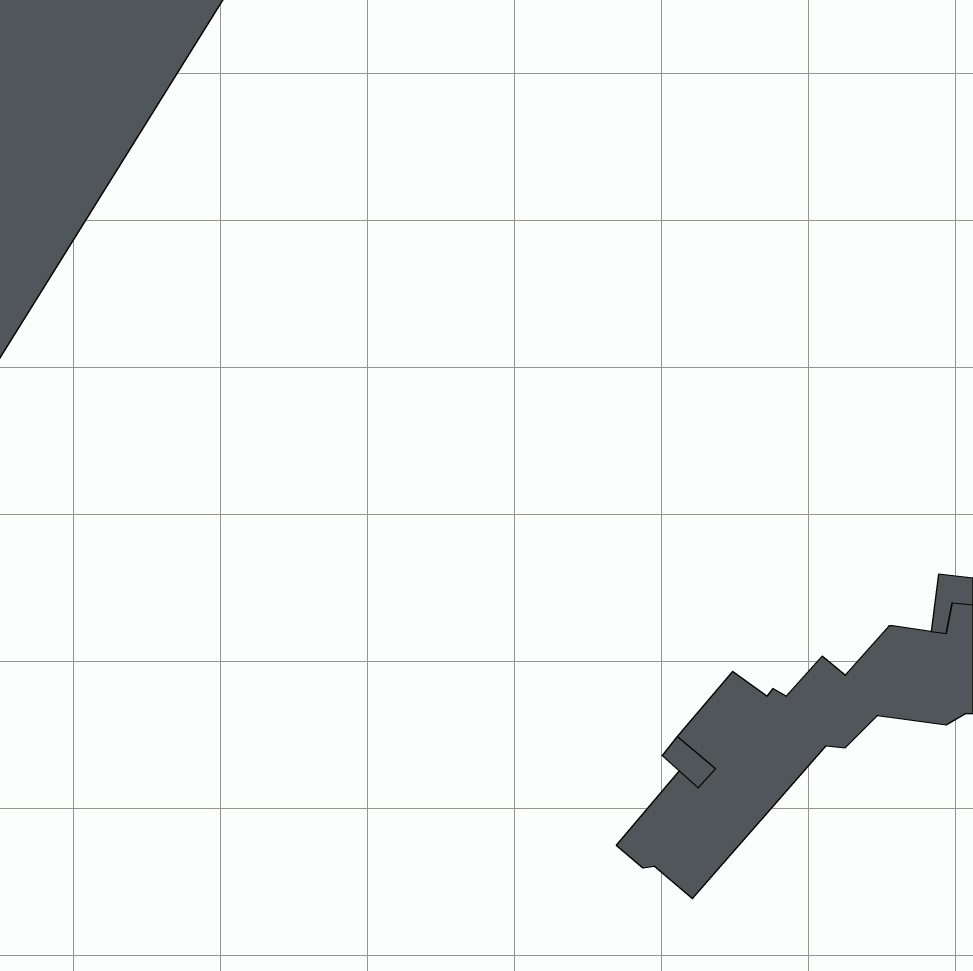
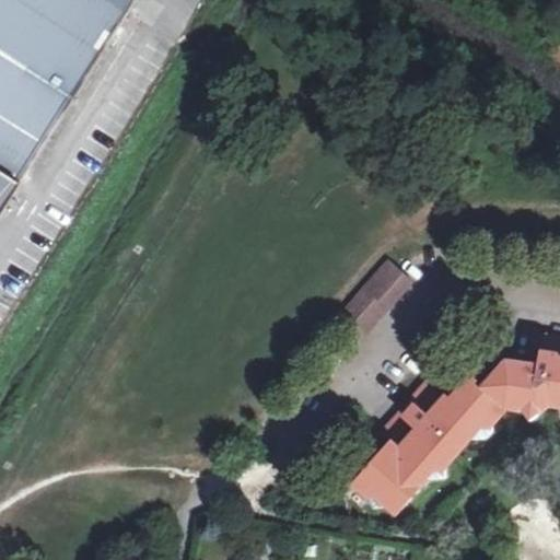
building: none -> [341,260,409,330]

